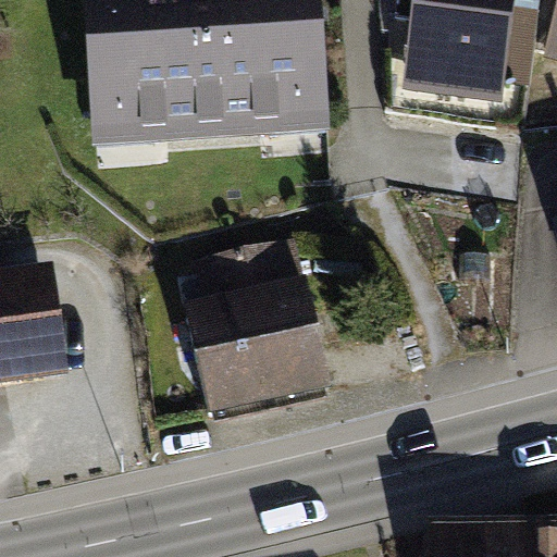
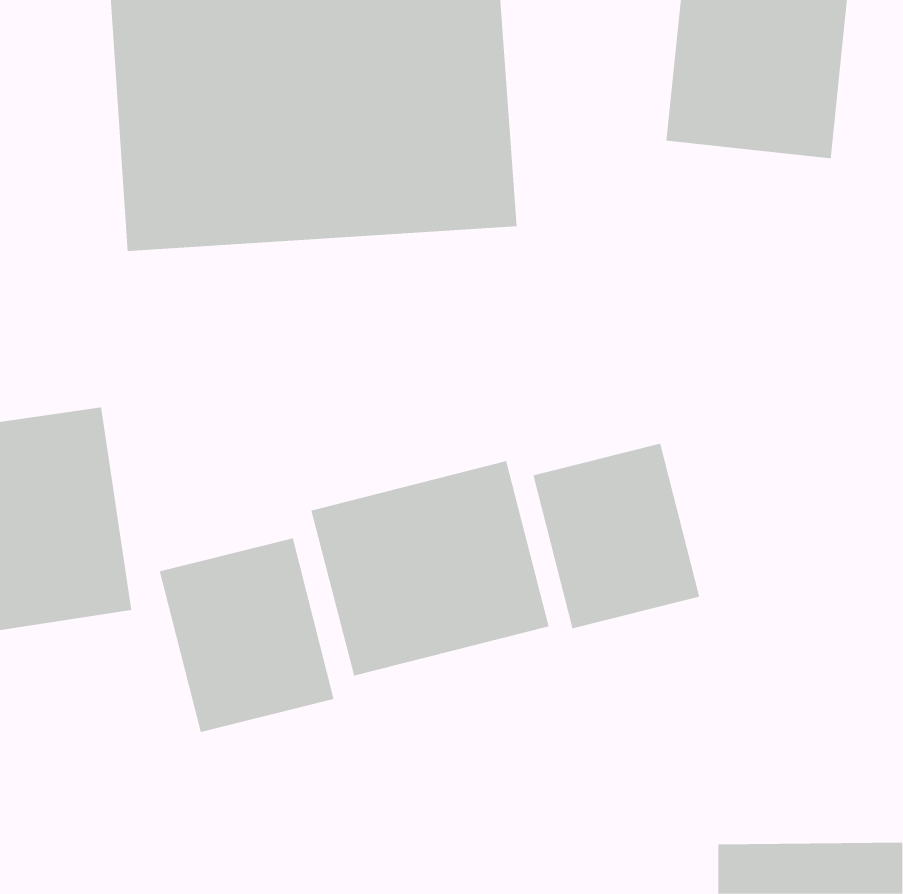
building: none -> [533,443,700,629]
building: none -> [159,537,334,733]

